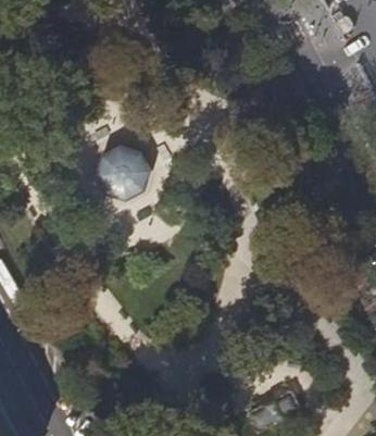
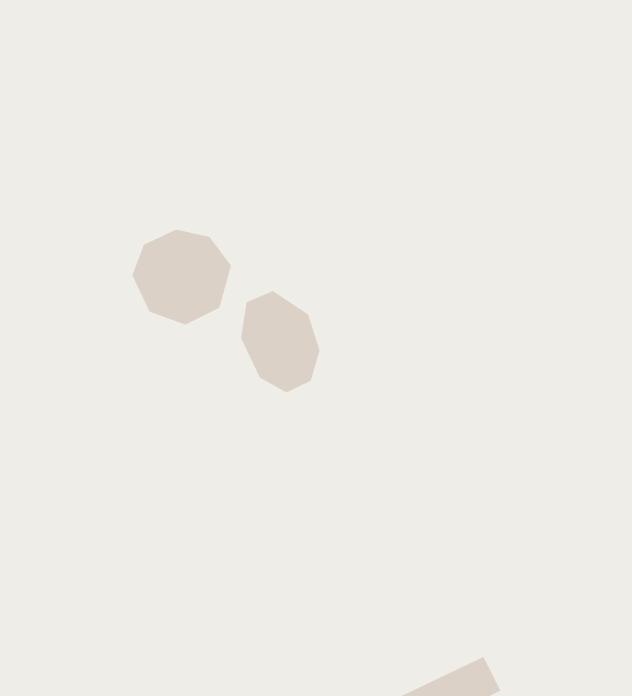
building: none -> [241,290,320,393]

